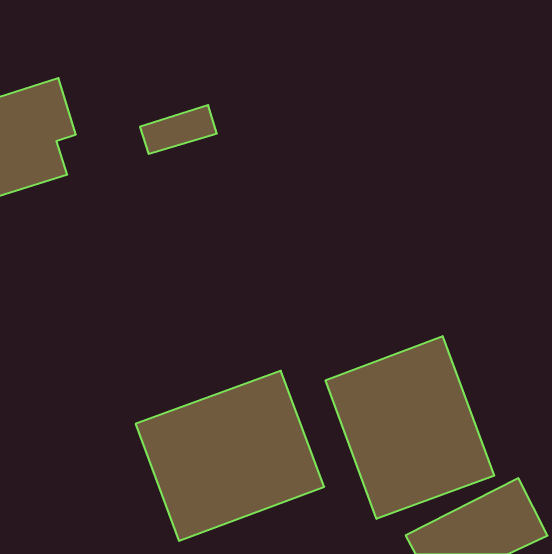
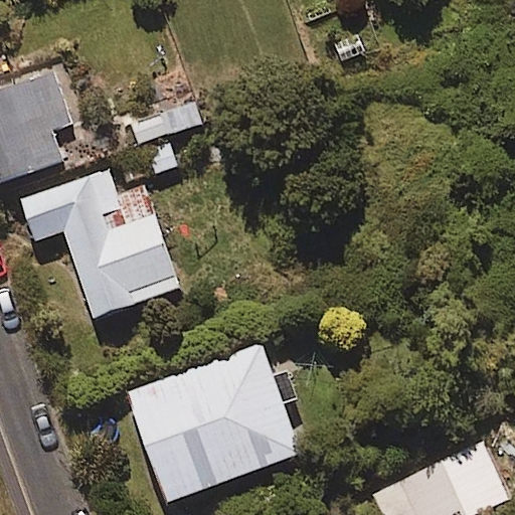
building: none -> [20,170,179,318]
building: [326,336,494,519] -> none

